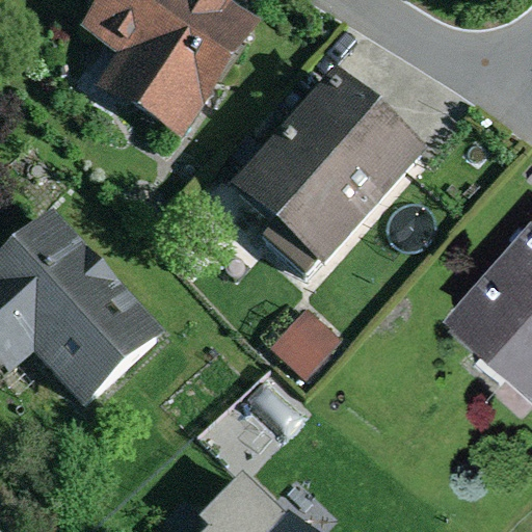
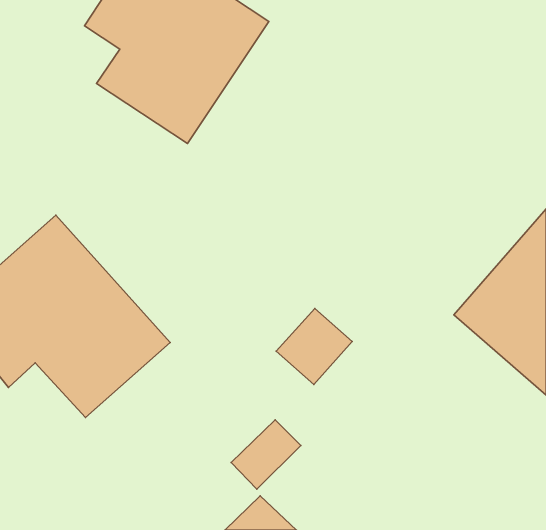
building: [232,69,427,266] -> none

